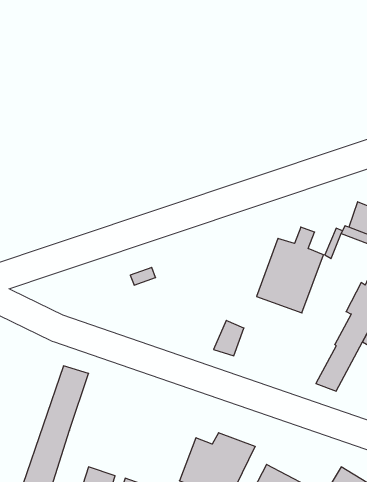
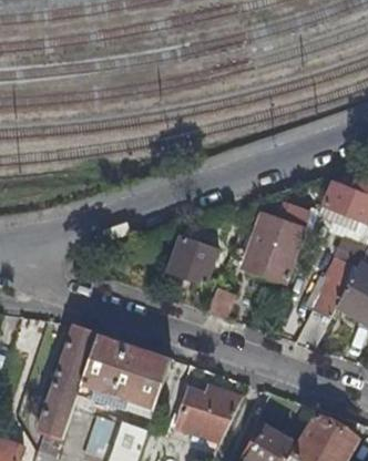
building: none -> [167,236,216,284]
building: none -> [79,332,171,408]

